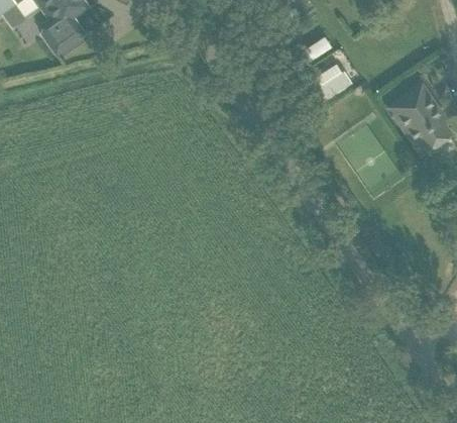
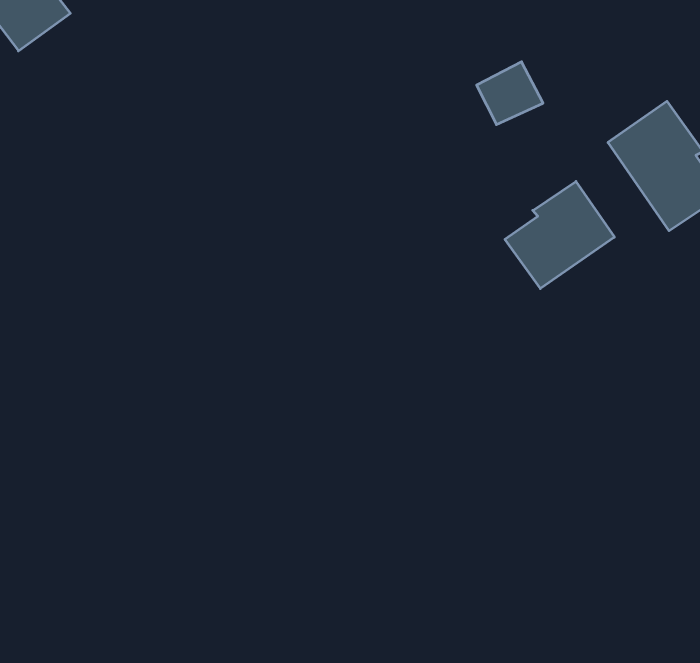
building: none -> [505,181,614,289]

